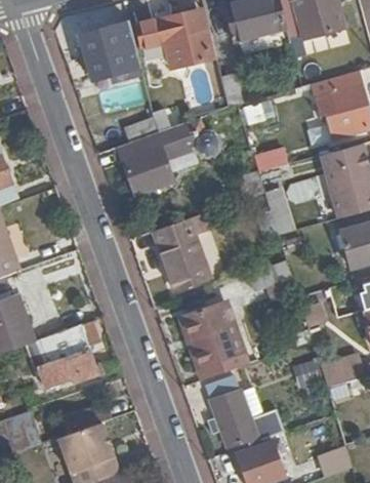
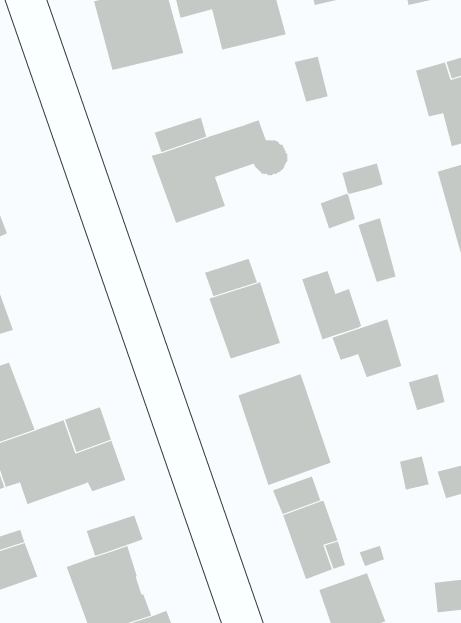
building: none -> [302,270,362,340]

